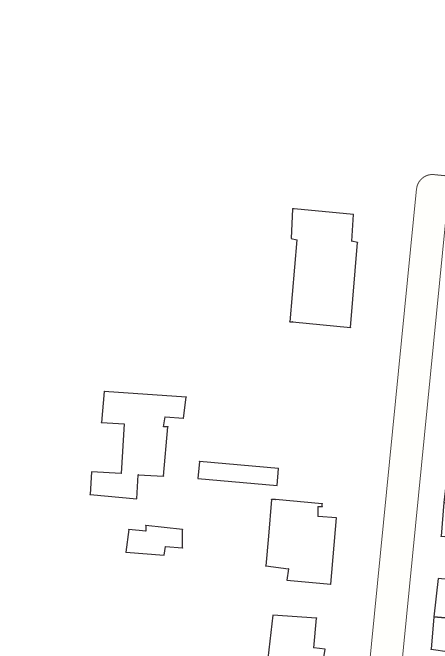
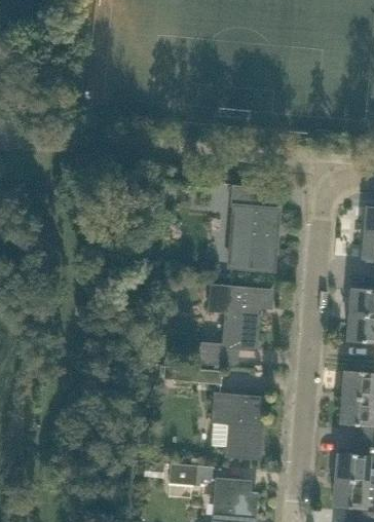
building: [90,391,186,499] -> [201,287,271,365]
building: [126,525,183,555] -> [172,464,213,486]

